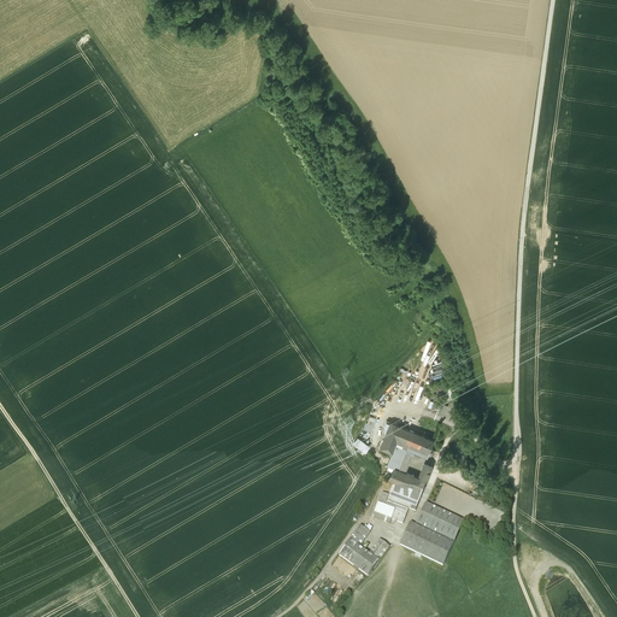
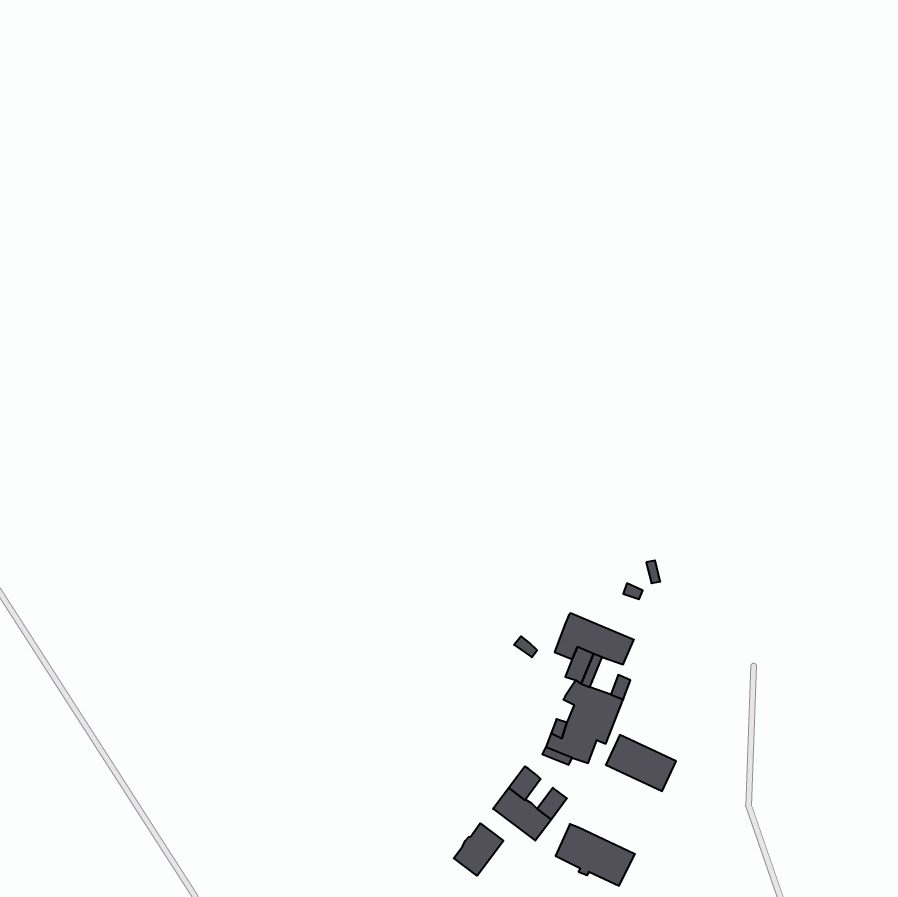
building: [399,521,453,563] -> [556,824,635,886]
building: none -> [454,823,503,876]

